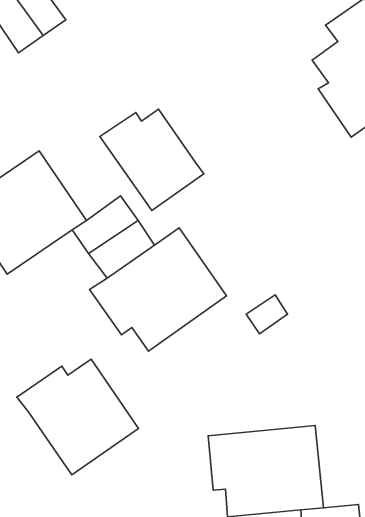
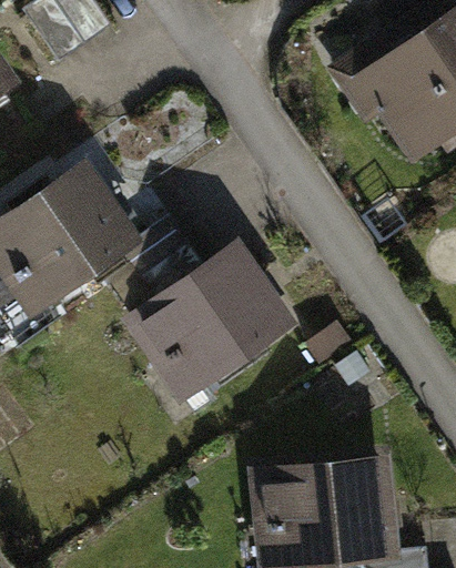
building: [100,109,204,211] -> none
building: [17,359,139,475] -> none

